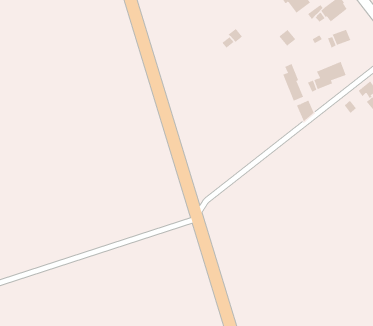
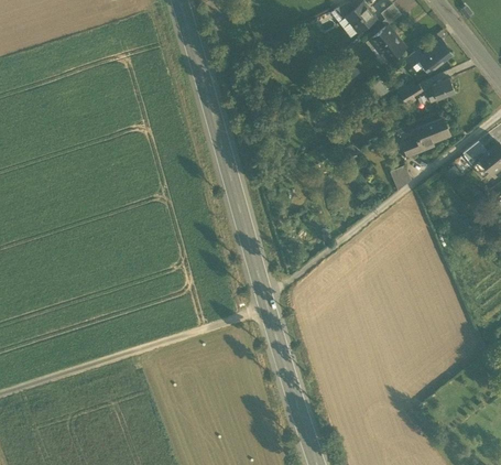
building: [282,63,304,102] -> none

